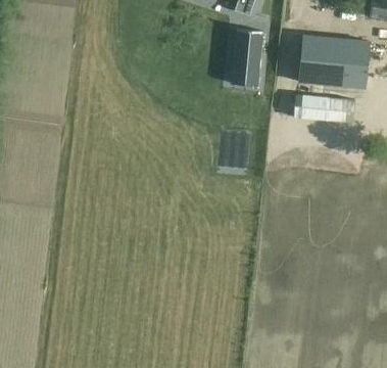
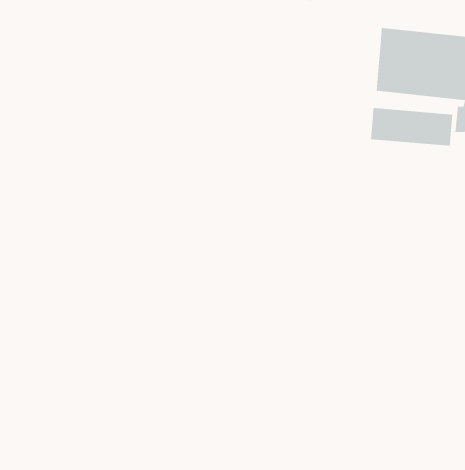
building: [232,30,262,87] -> none

